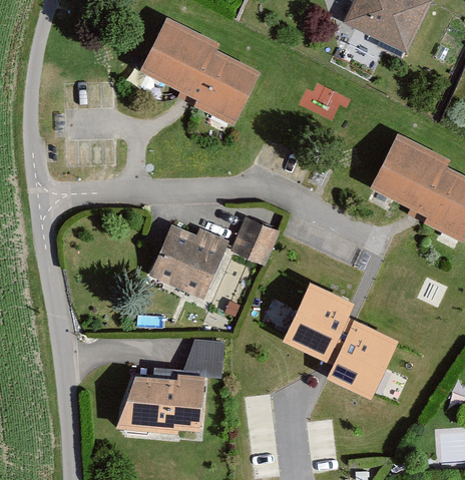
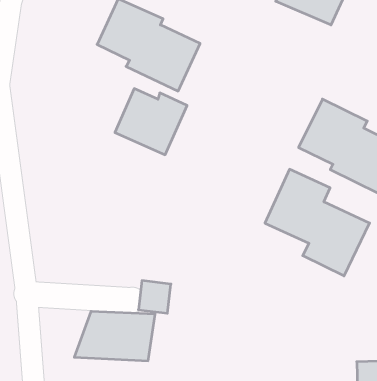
building: [231,218,279,268] -> none
building: [147,224,229,300] -> [115,89,187,155]
building: [281,275,400,396] -> [265,169,370,276]

